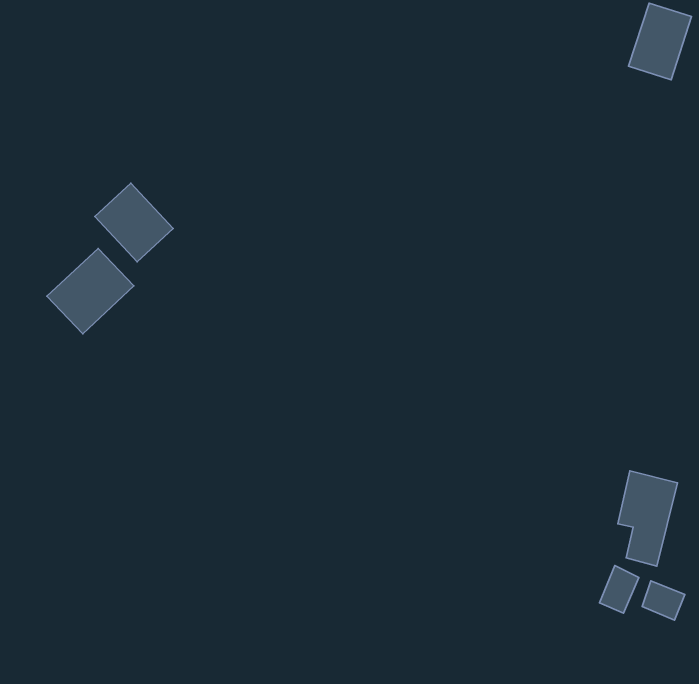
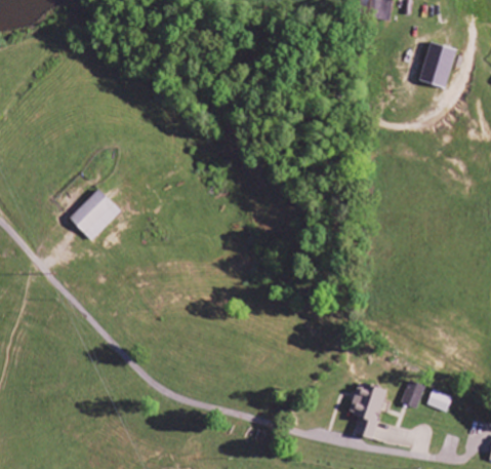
building: [95,183,173,262] -> none
building: [618,471,677,566] -> [350,382,385,439]

